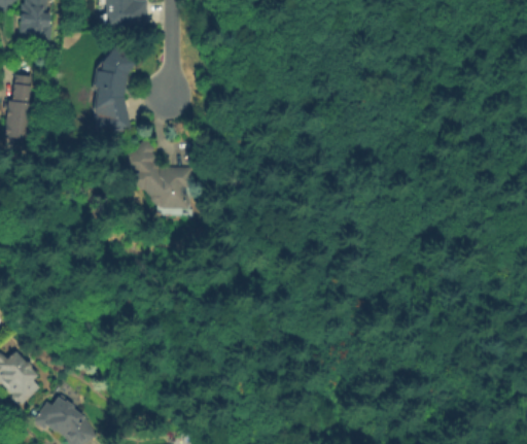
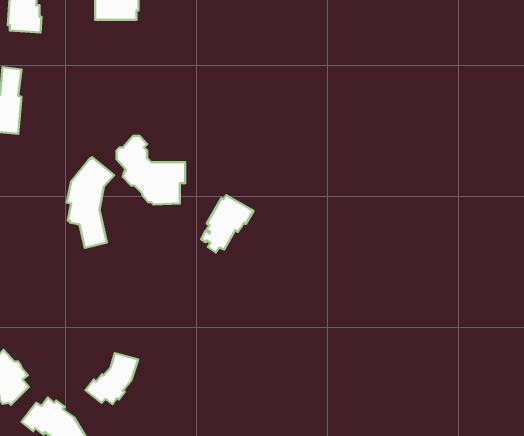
building: [92,45,138,134] -> [67,157,114,248]
building: none -> [201,195,253,252]
building: none -> [86,353,138,404]

